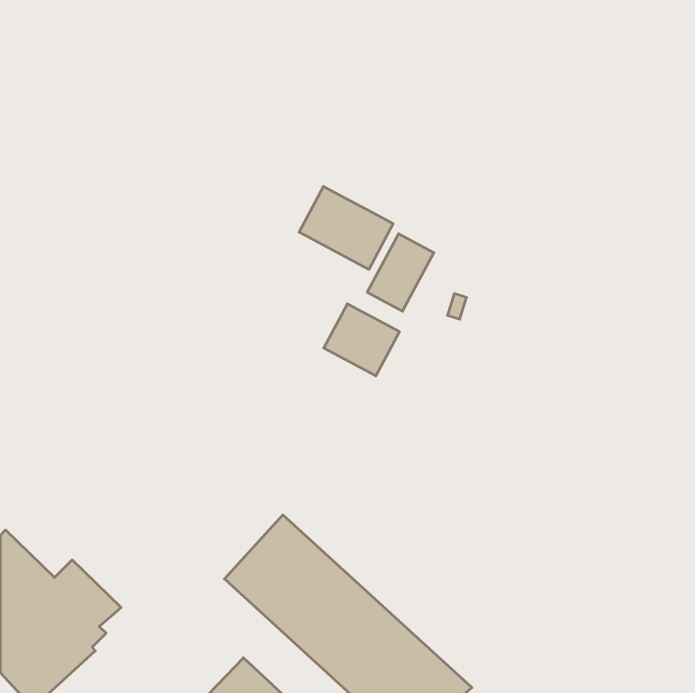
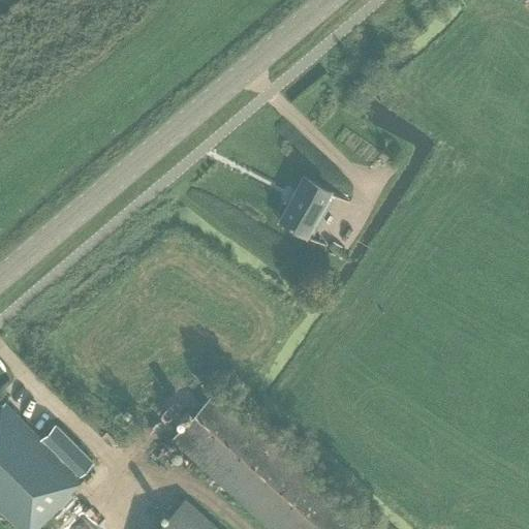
building: [299,186,393,269] -> none
building: [324,304,399,376] -> none

